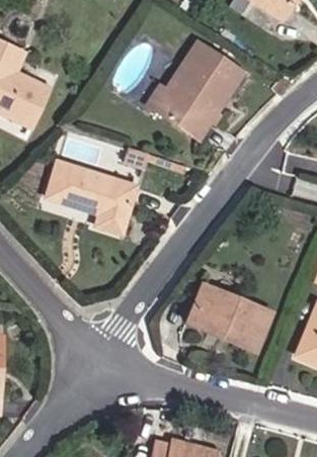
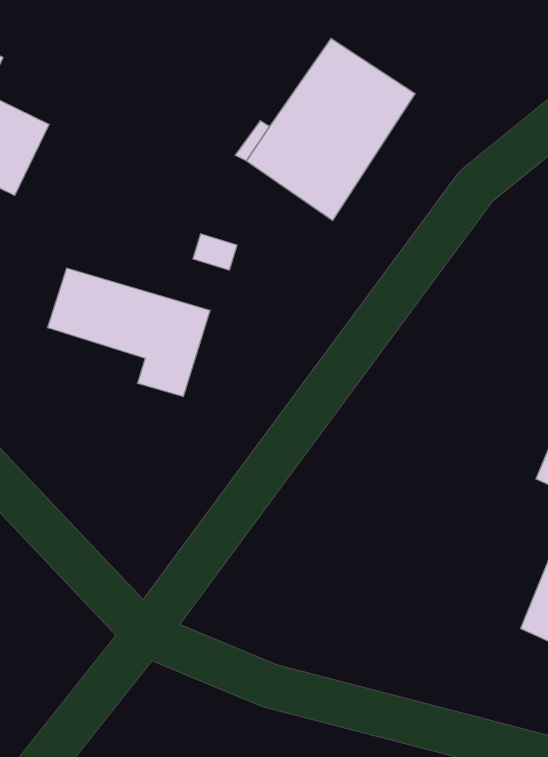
building: [188,286,269,351] -> none

